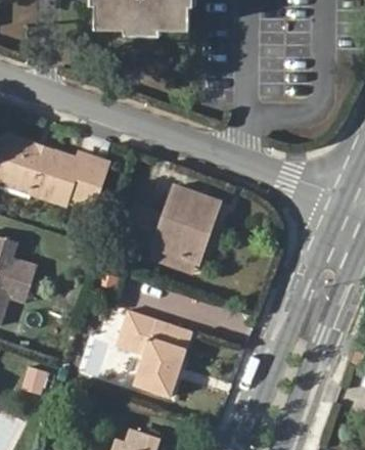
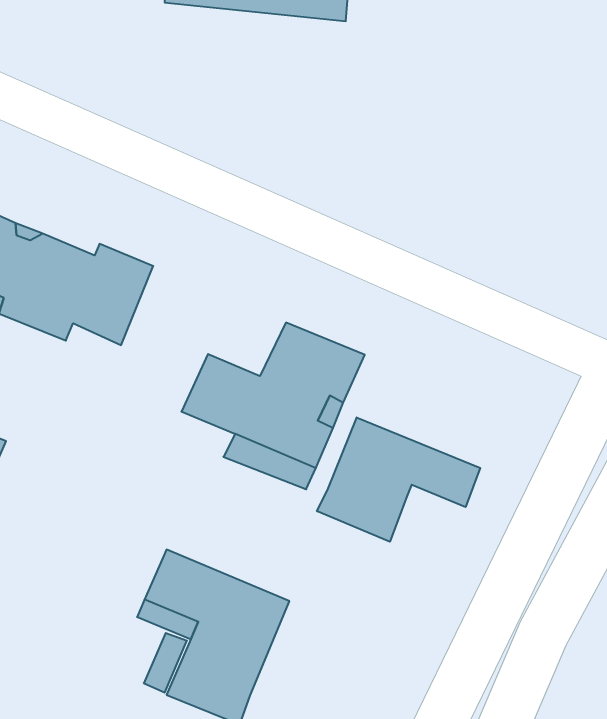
building: none -> [317,417,480,542]

